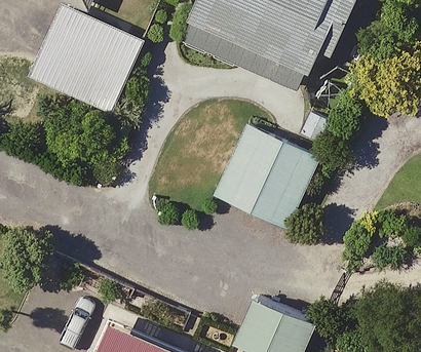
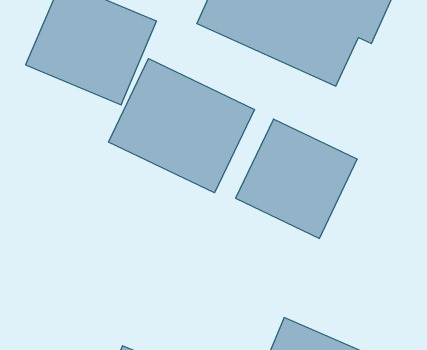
building: none -> [108,59,254,193]

